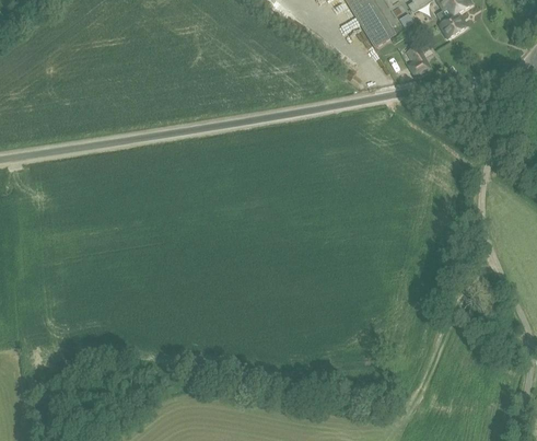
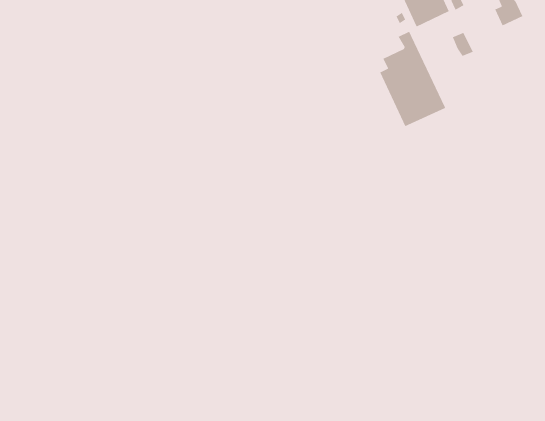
building: none -> [379,30,446,127]

